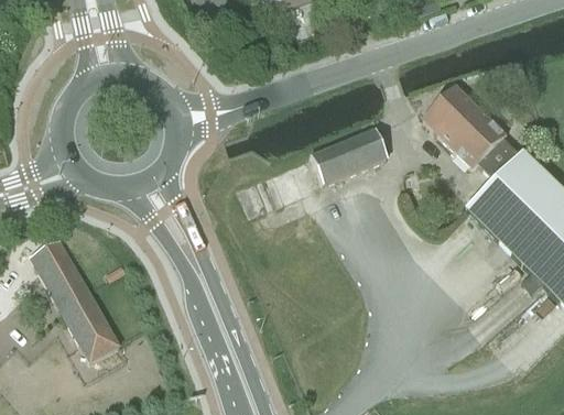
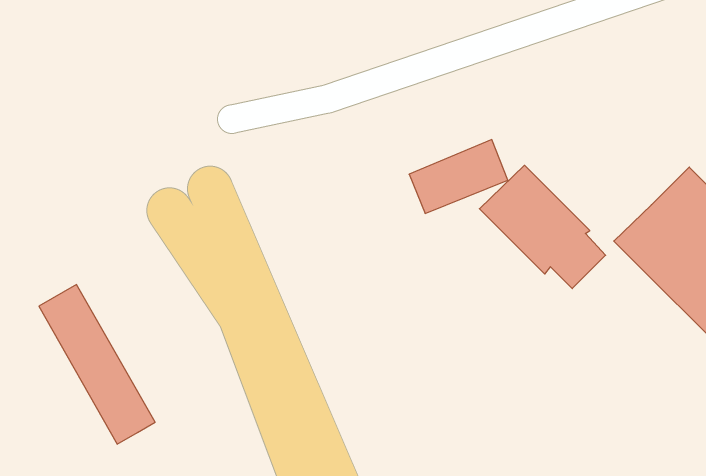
building: [425,85,521,178] -> [479,165,606,289]

